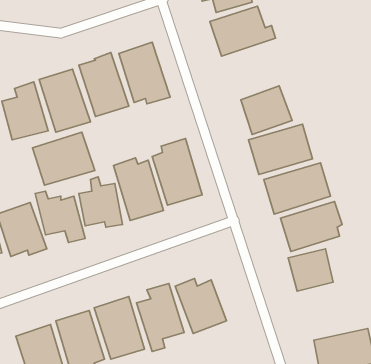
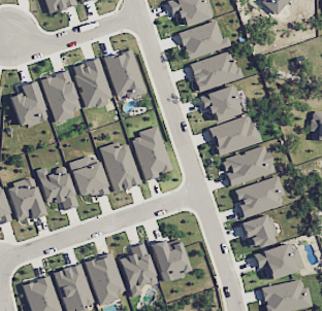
building: none -> [189,51,239,92]
building: [32,132,95,185] -> none
building: none -> [253,242,302,280]

